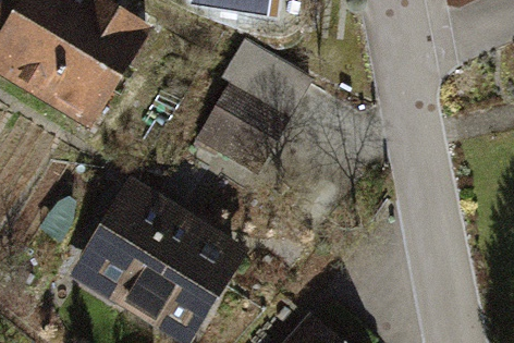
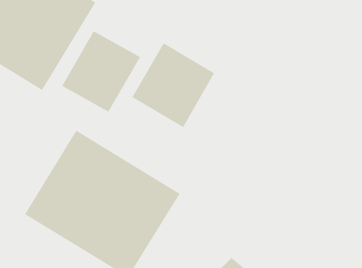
building: none -> [62,30,141,113]

